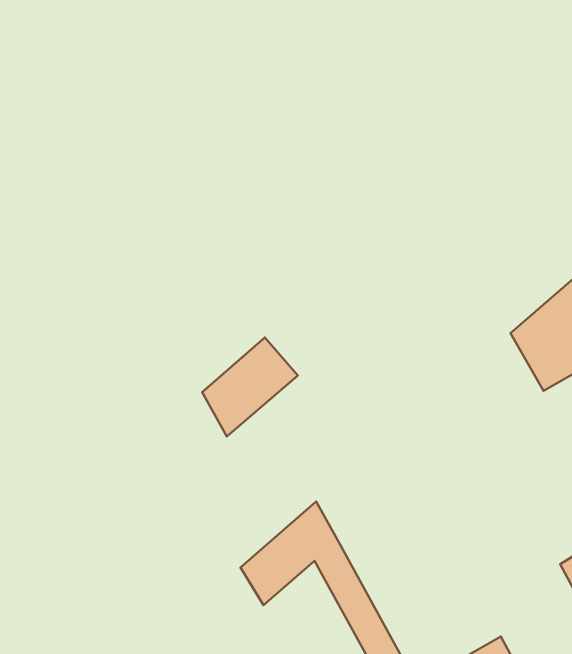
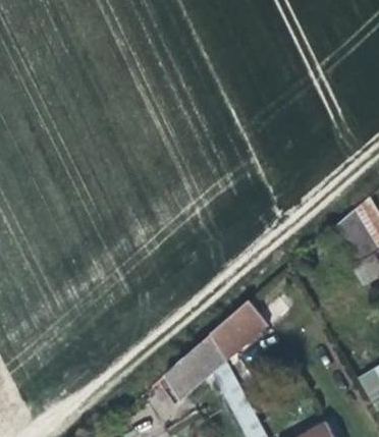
building: [202,338,298,437] -> [211,302,270,363]

